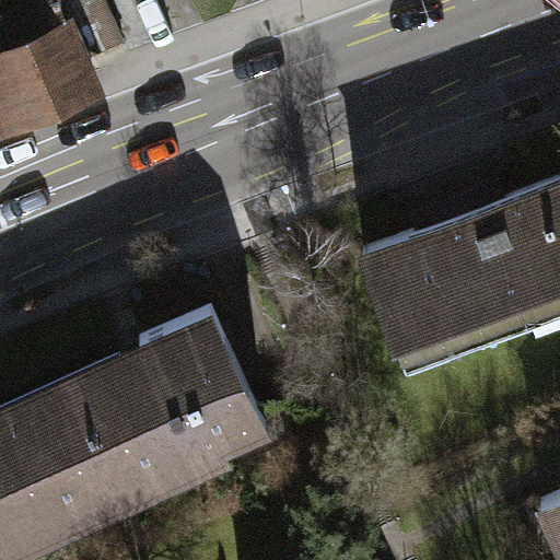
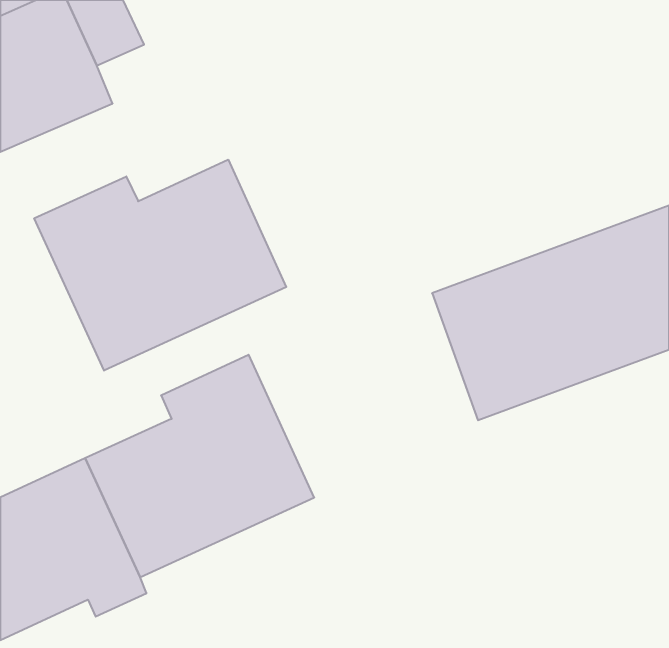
building: none -> [34,160,286,371]

